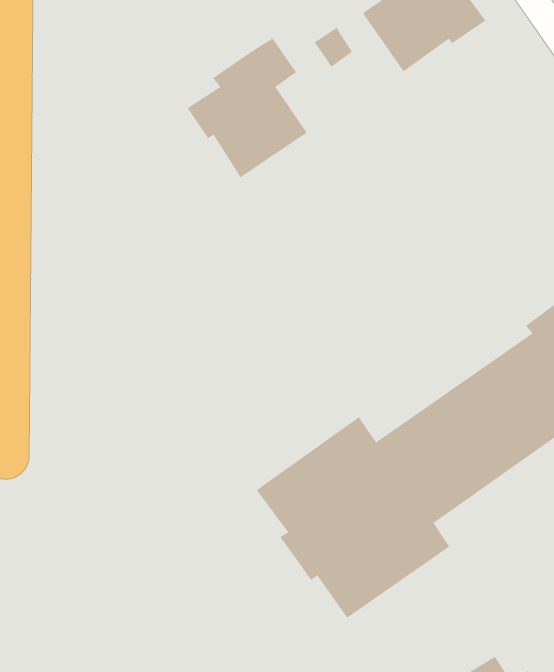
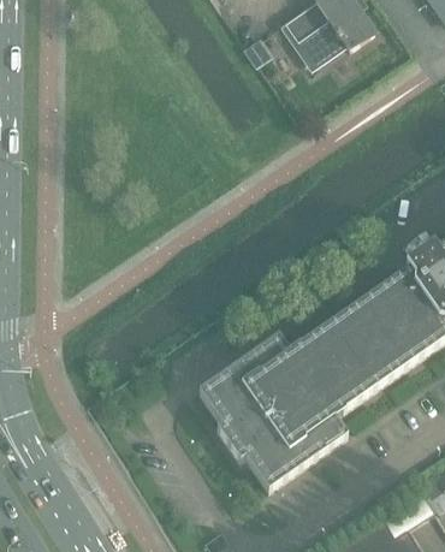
building: [187,37,307,178] -> none

